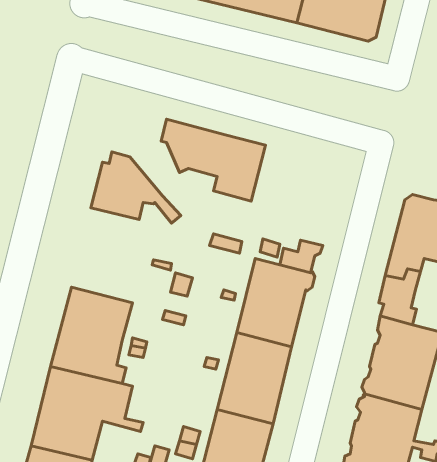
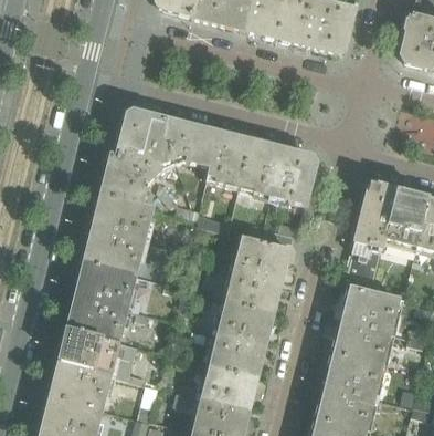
building: none -> [119,112,177,184]
building: none -> [237,141,315,205]
building: none -> [85,194,154,274]

